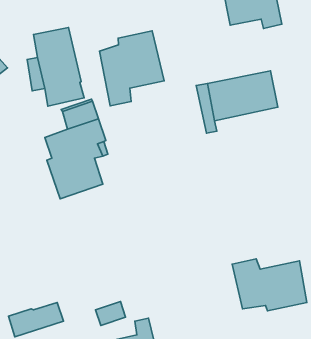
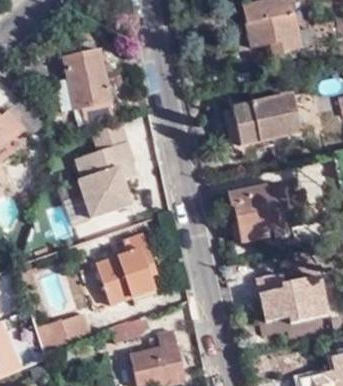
building: [99,31,164,106] -> none
building: none -> [233,184,309,242]
building: none -> [99,233,155,304]

